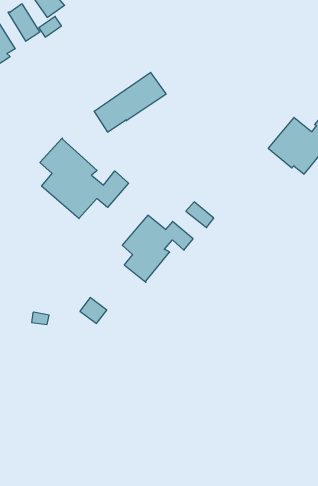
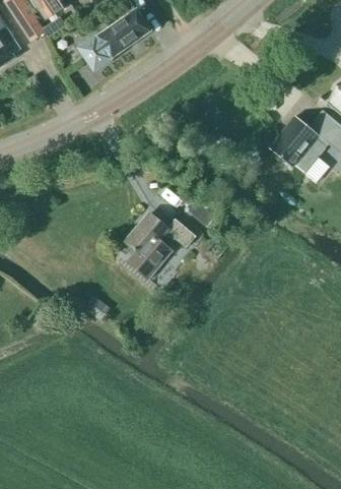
building: [94,72,166,132] -> [80,9,151,68]
building: [40,138,129,219] -> none

